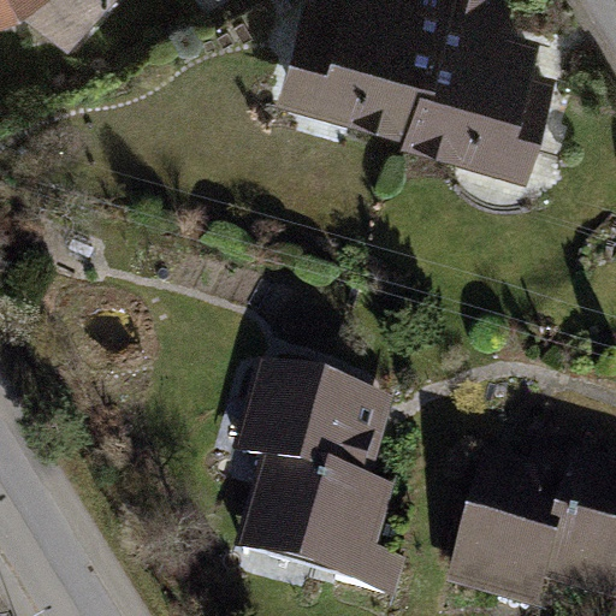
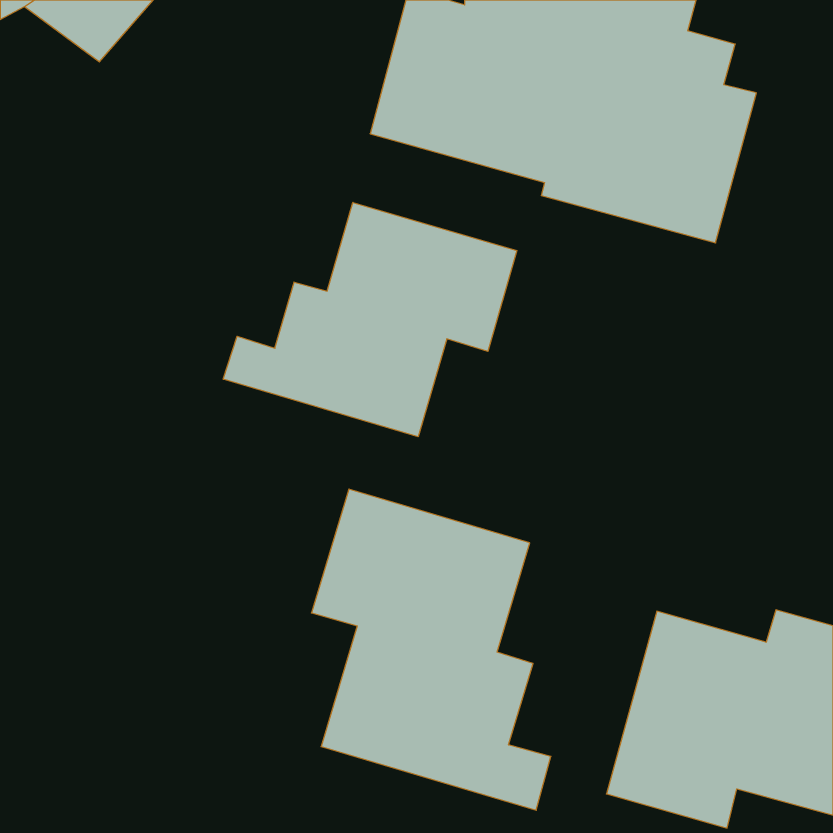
building: none -> [223,202,517,437]

